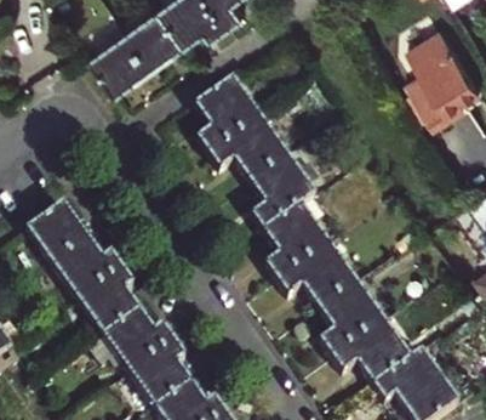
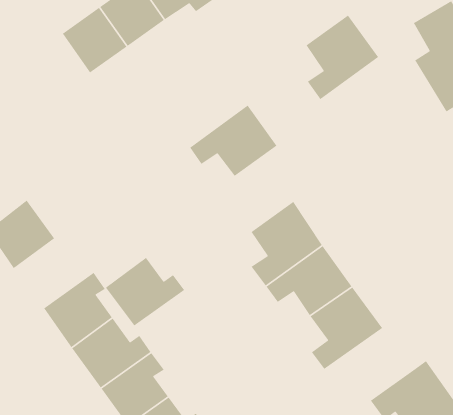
building: [196,79,263,157] -> [305,14,379,100]
building: [251,155,318,233] -> none
building: [51,239,124,302] -> [105,257,185,326]
building: [332,320,412,386] -> none

